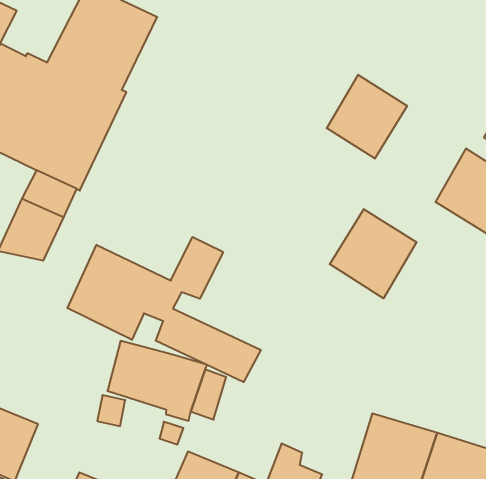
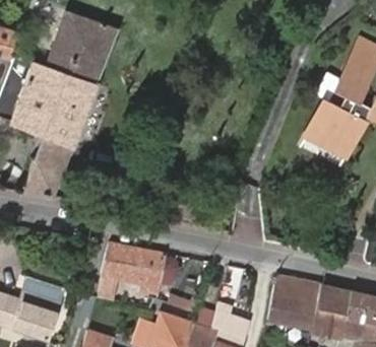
building: [327,75,407,159] -> none
building: [330,209,417,298] -> none
building: [67,237,261,382] -> none

